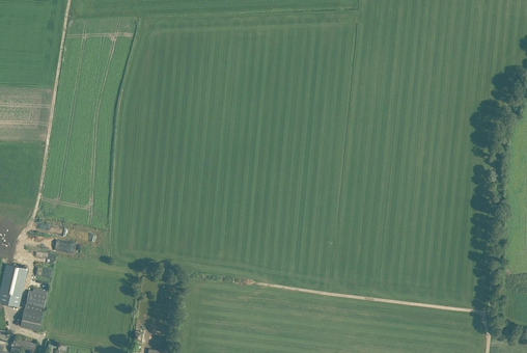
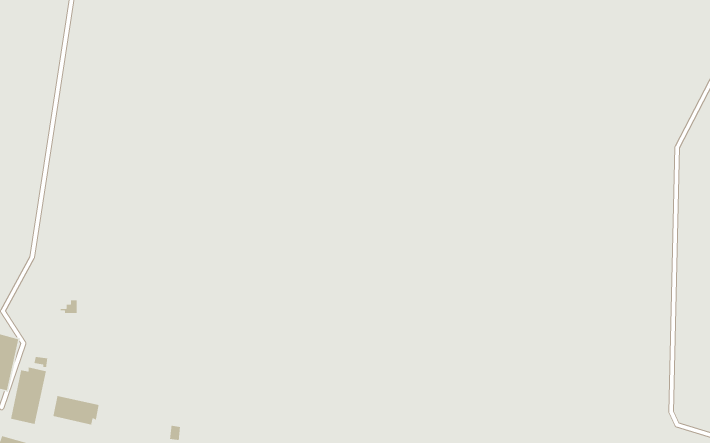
building: none -> [52,395,100,425]

